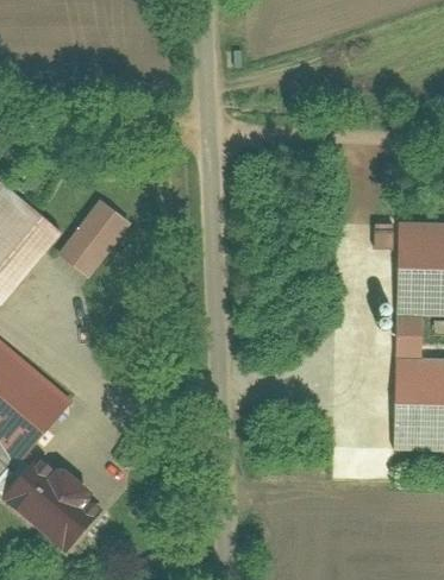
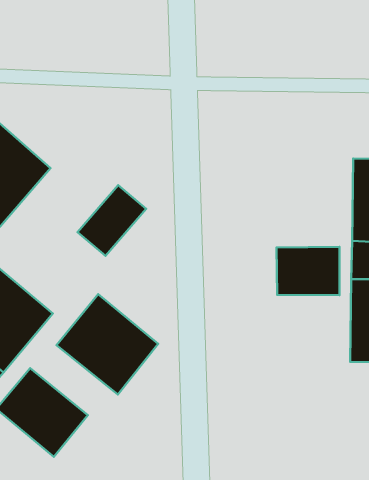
building: [55,200,131,278] -> [78,185,146,256]
building: none -> [276,247,339,295]
building: none -> [56,294,158,394]

